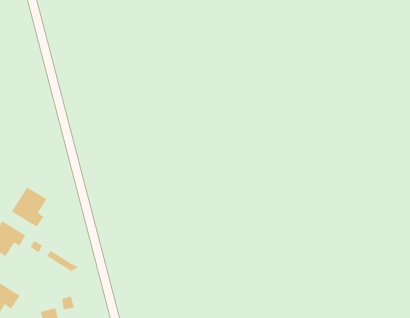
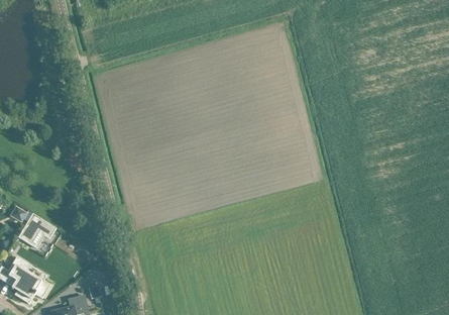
building: [11,187,47,228] -> none

